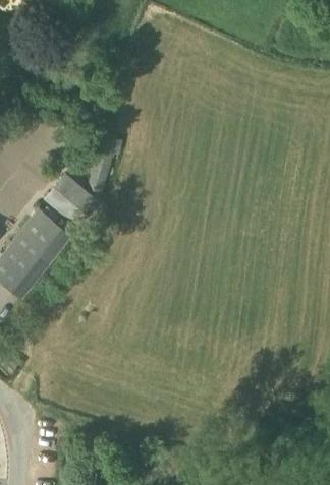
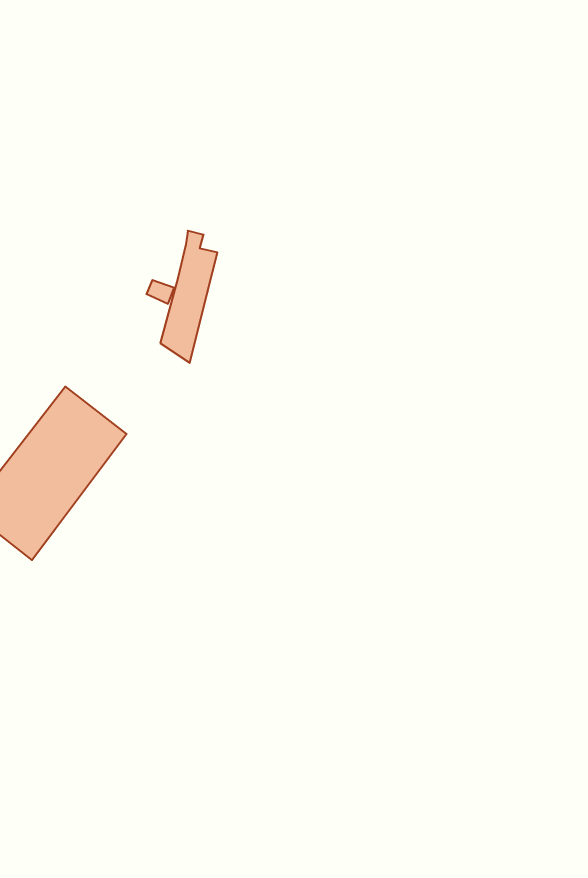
building: [42,175,99,230] -> none

